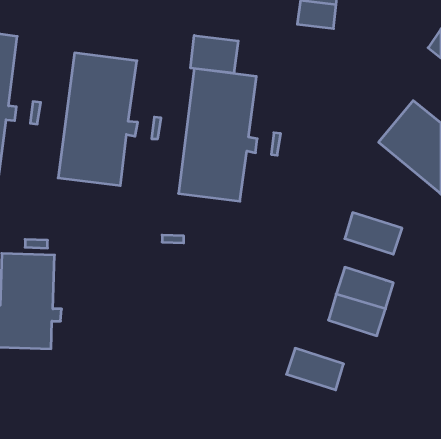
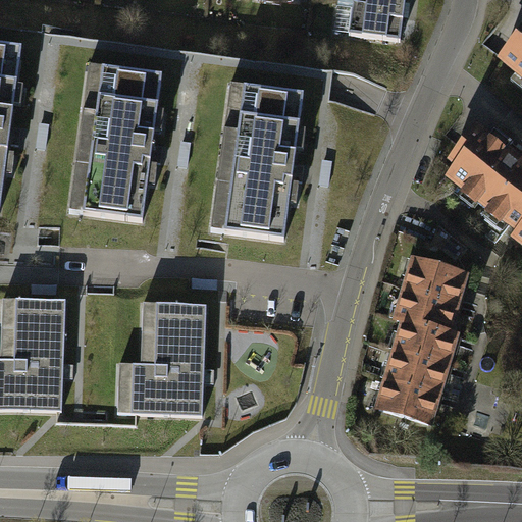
building: [191,35,238,73] -> none
building: none -> [396,280,463,329]
building: none -> [117,303,213,415]
building: [286,348,344,390] -> [376,376,443,425]

